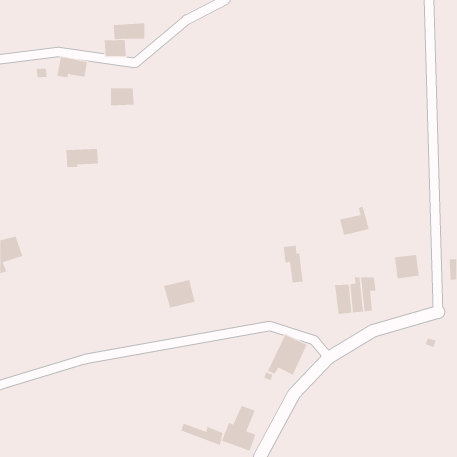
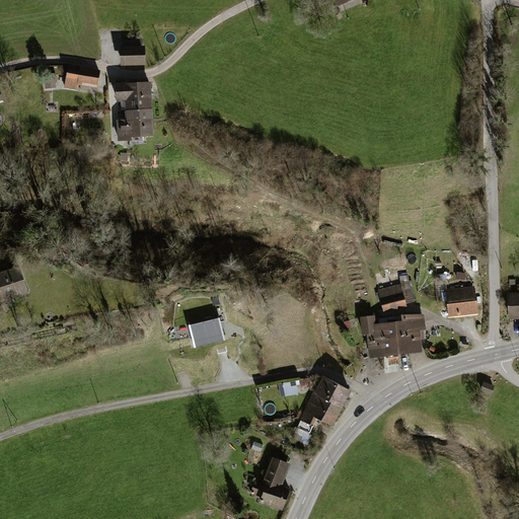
building: [113,23,145,40] -> [115,81,151,100]
building: [66,149,99,167] -> [116,119,153,140]
building: [339,206,370,236] -> [378,274,413,307]
building: [283,245,304,283] -> [359,314,382,357]
building: [180,423,223,446] -> none

